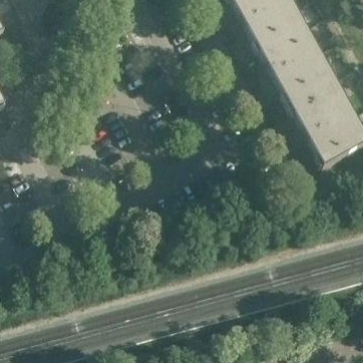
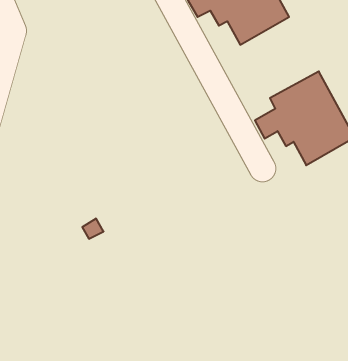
building: [253,22,333,99] -> none

